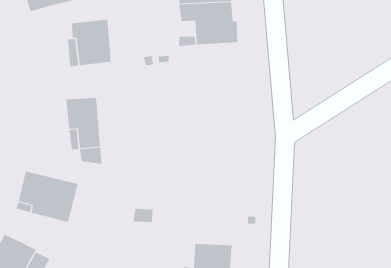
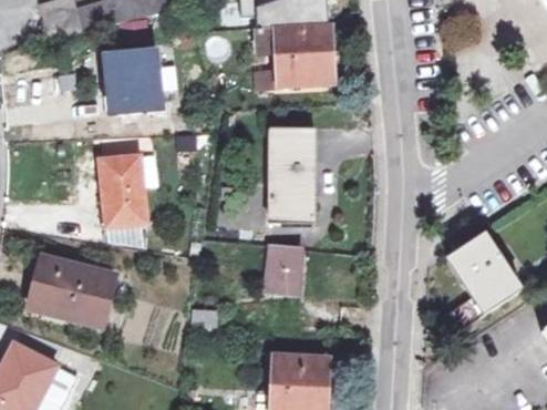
building: none -> [271,129,316,214]
building: none -> [445,230,523,327]
building: none -> [267,243,301,291]

